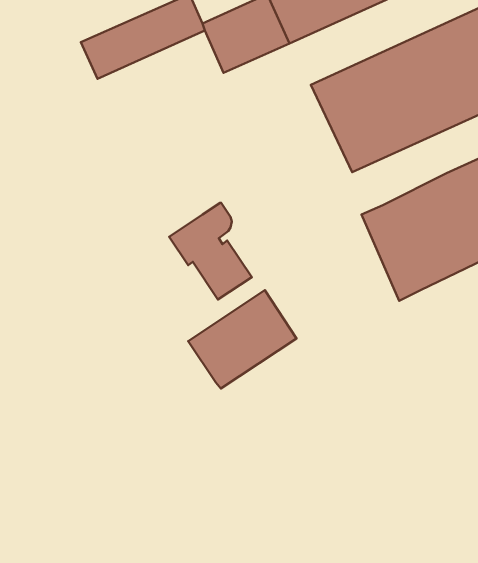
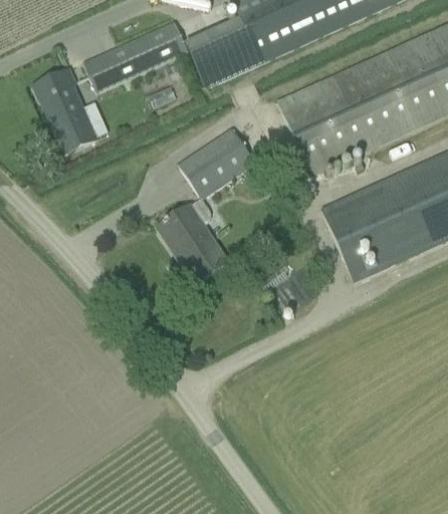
building: none -> [33,72,96,154]
building: none -> [179,126,256,199]
building: [188,290,297,388] -> none

